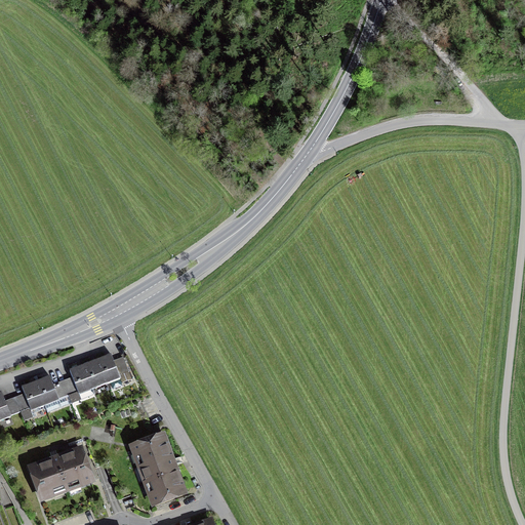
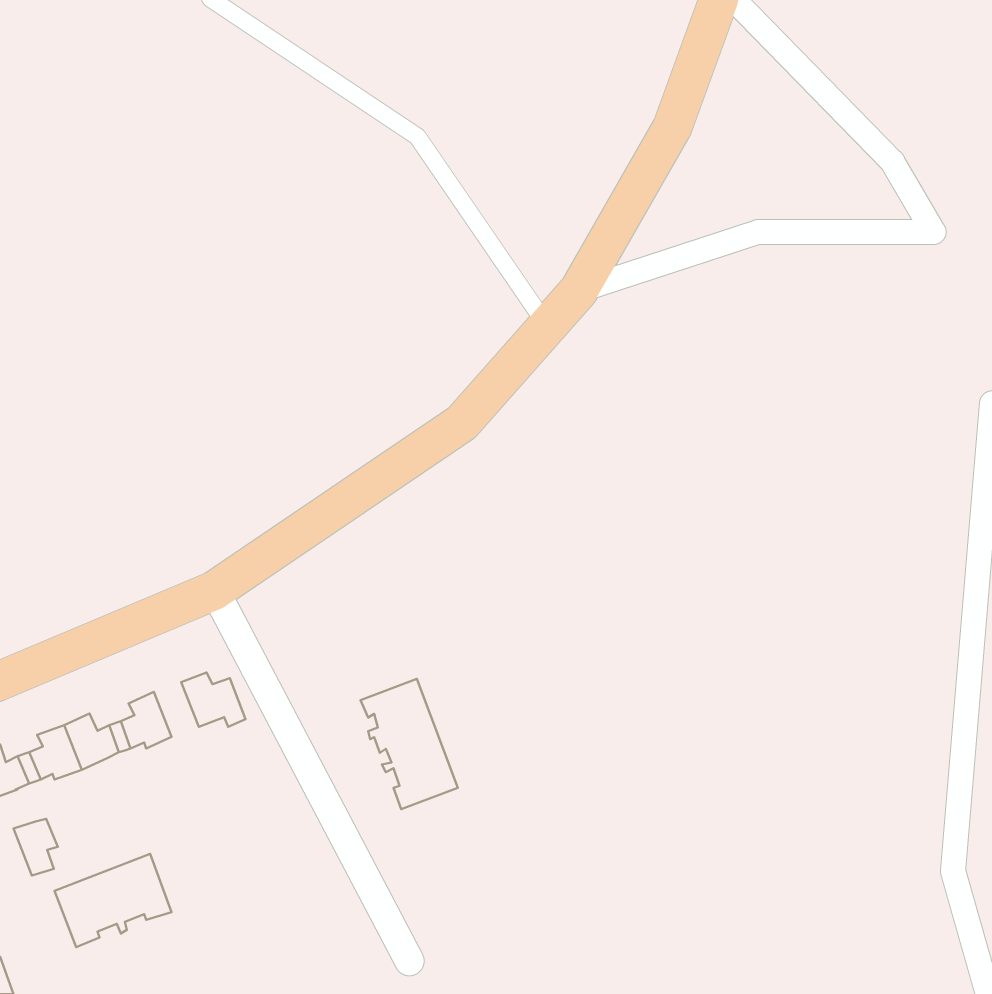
building: [81,359,105,388] -> none
building: none -> [14,819,58,876]
building: [130,435,181,503] -> [360,679,458,809]

